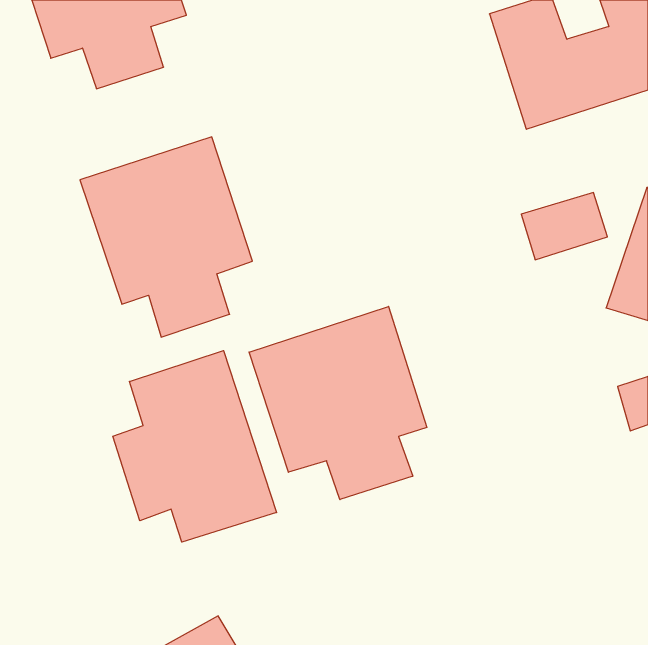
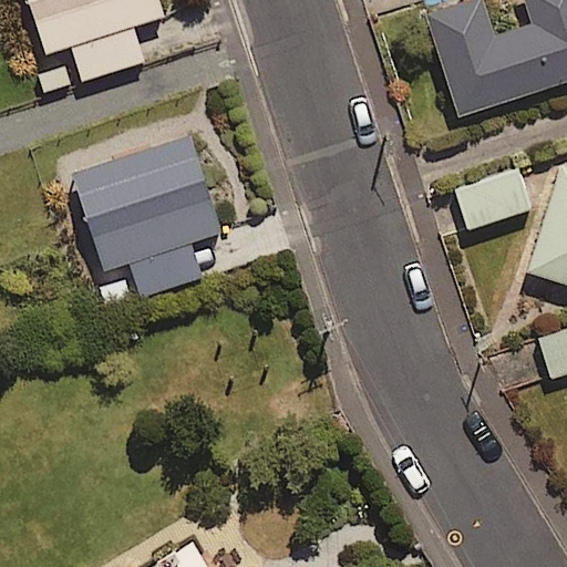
building: [249,306,427,500] -> none
building: [113,351,277,542] -> none

